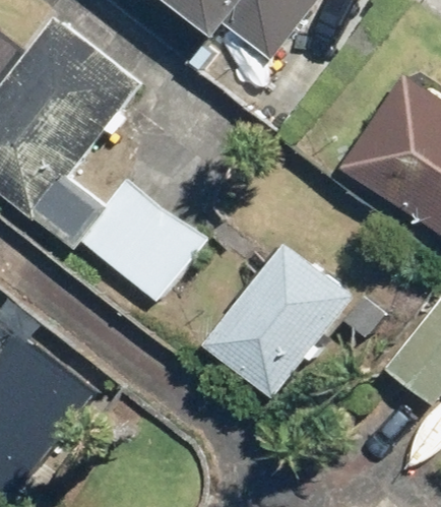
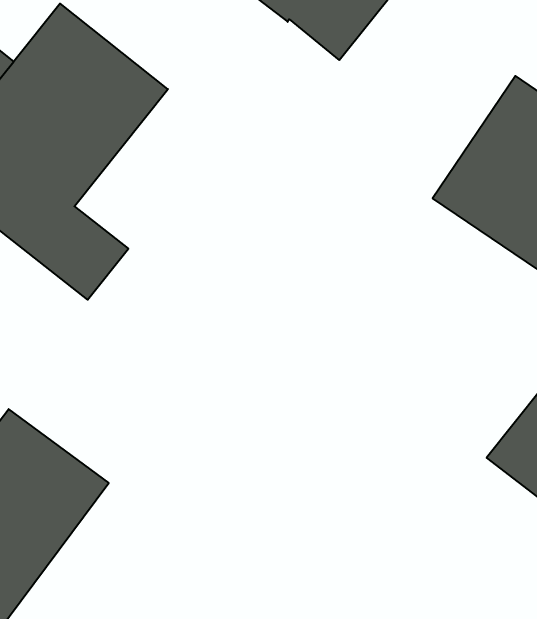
building: [76,181,208,309] -> none
building: [209,242,357,395] -> none

